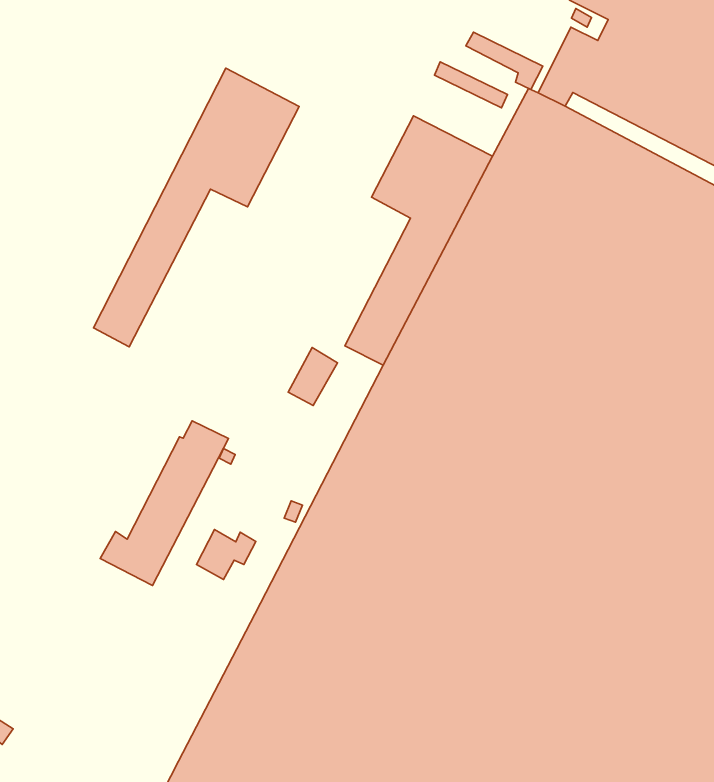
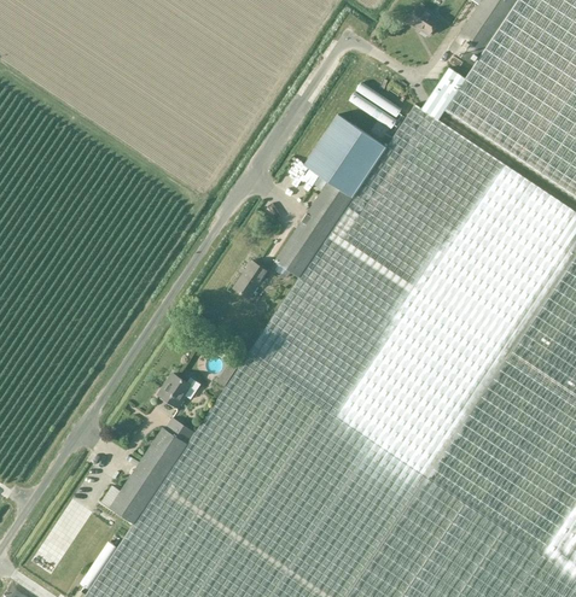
building: [466,32,543,89] -> [348,92,397,134]
building: [94,68,299,347] -> none
building: [100,421,229,585] -> [101,420,196,526]

